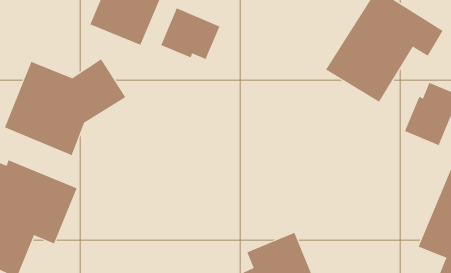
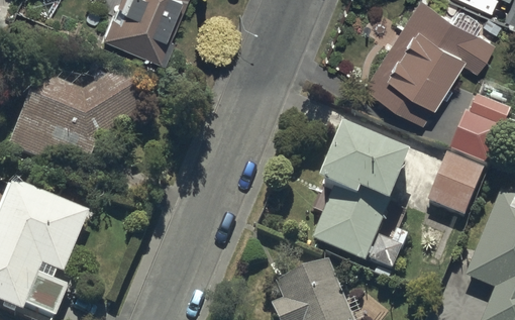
building: [161,8,220,60] -> none
building: none -> [313,131,411,266]
building: none -> [428,157,485,220]

